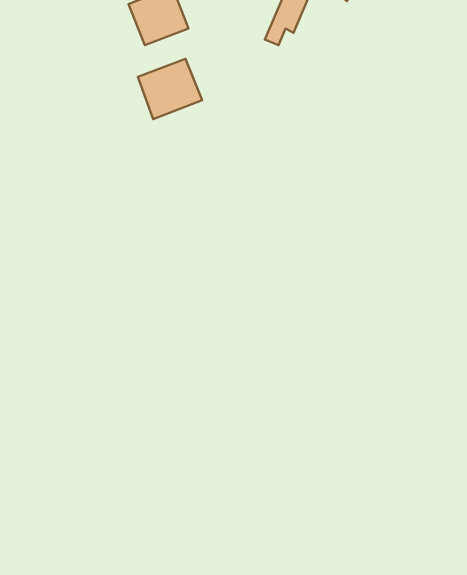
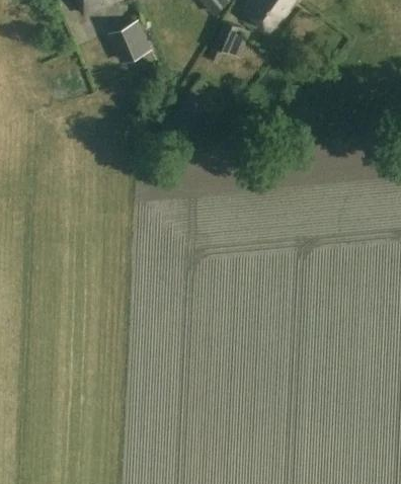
building: [138,59,202,119] -> none

